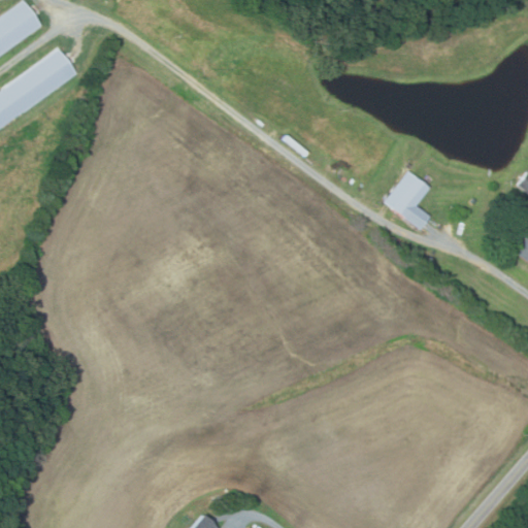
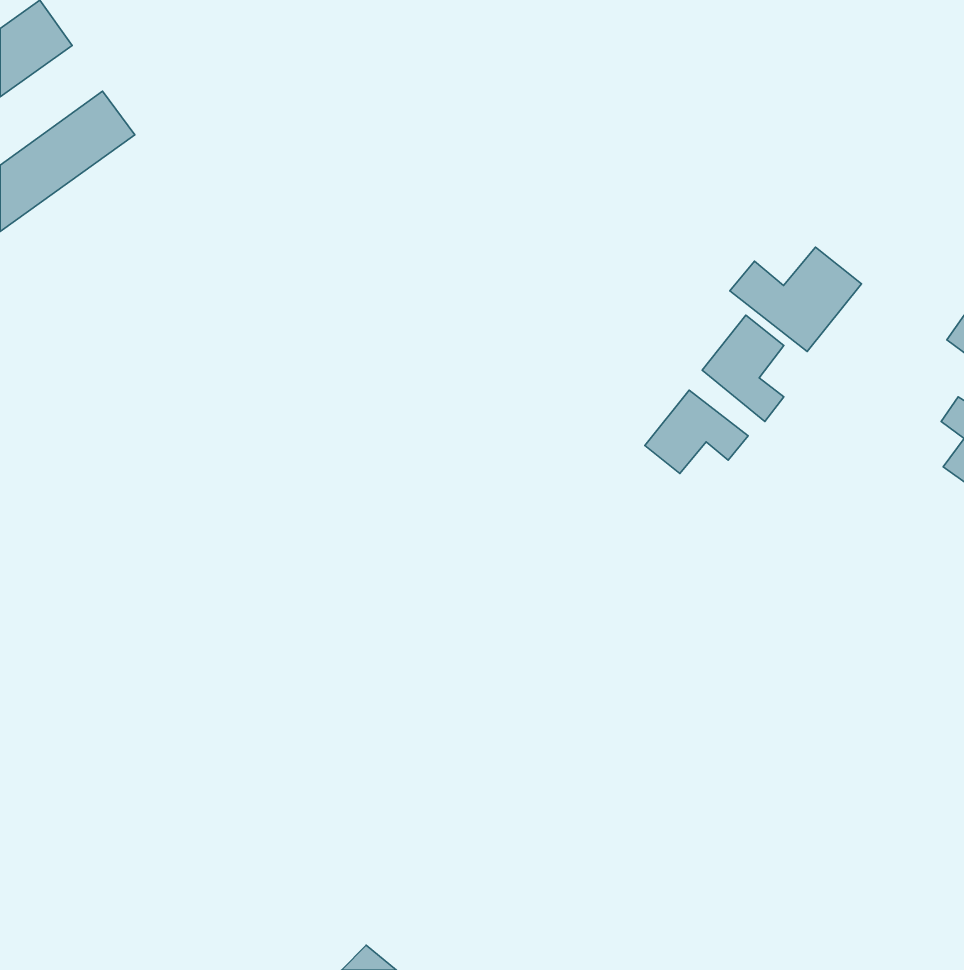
building: none -> [730,247,862,351]
building: none -> [645,390,748,473]

